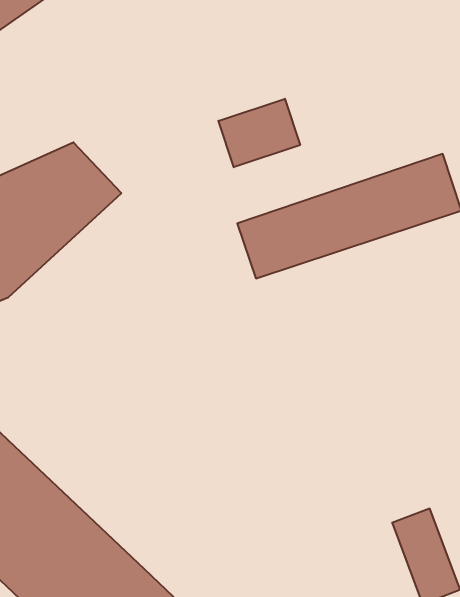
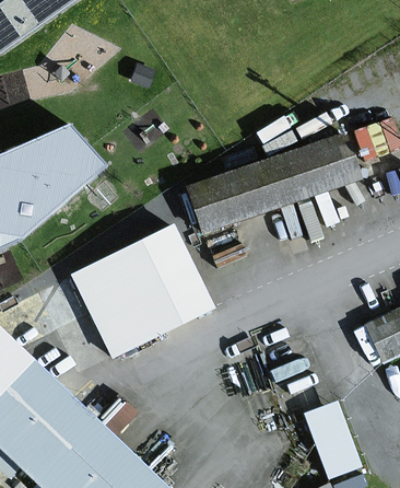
building: [218,99,300,167] -> none
building: none -> [75,228,208,351]

